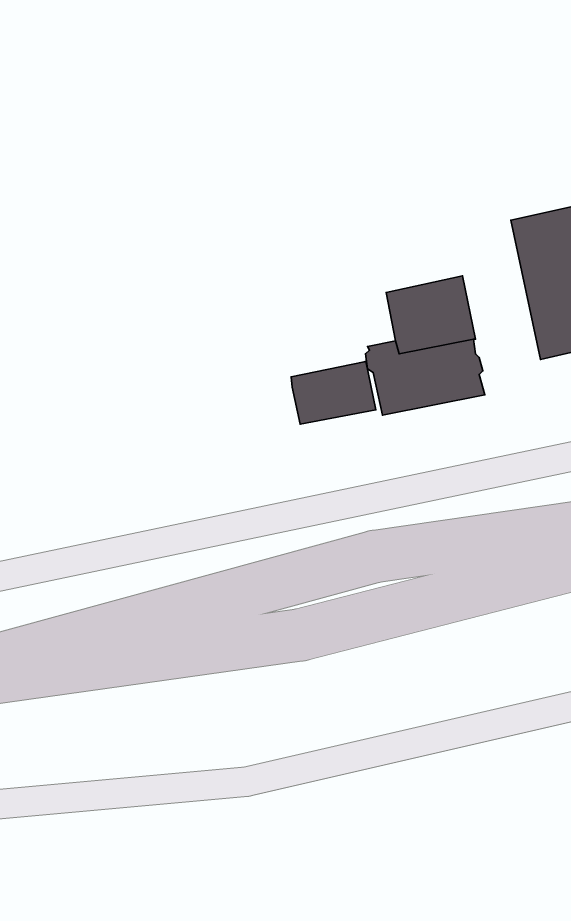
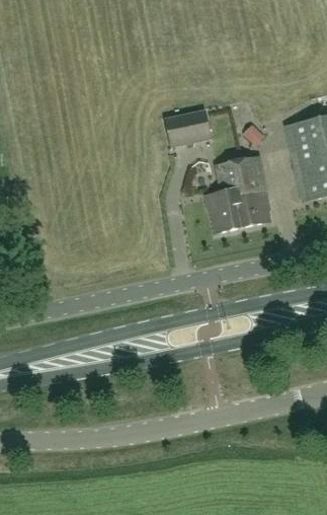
building: none -> [164,108,211,145]
building: [291,361,376,424] -> none

